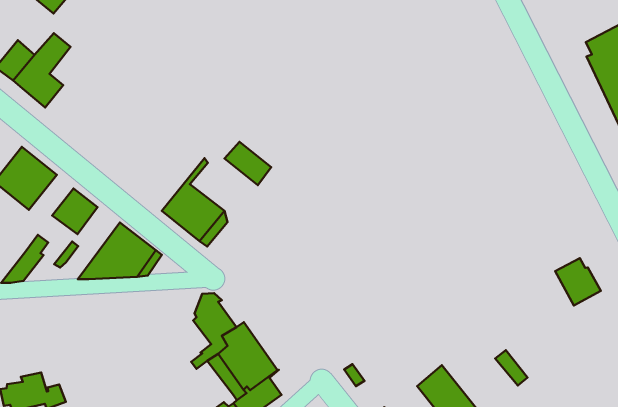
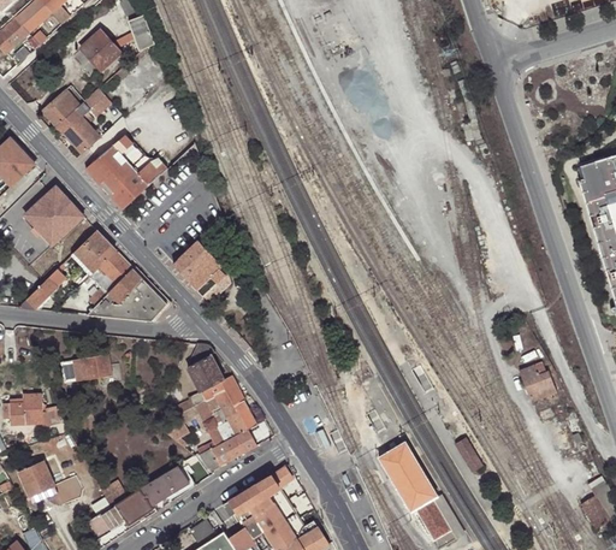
building: none -> [85,134,167,209]
building: [225,142,271,185] -> none
building: none -> [88,252,134,306]
building: none -> [61,355,111,382]

